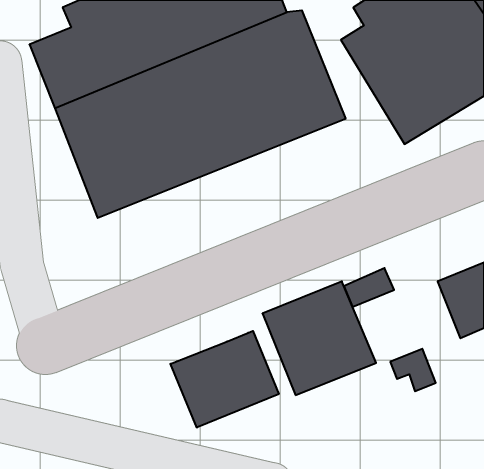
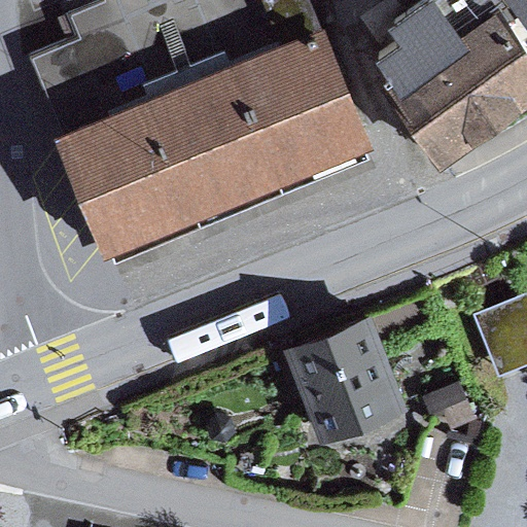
building: [170,331,279,428] -> none

